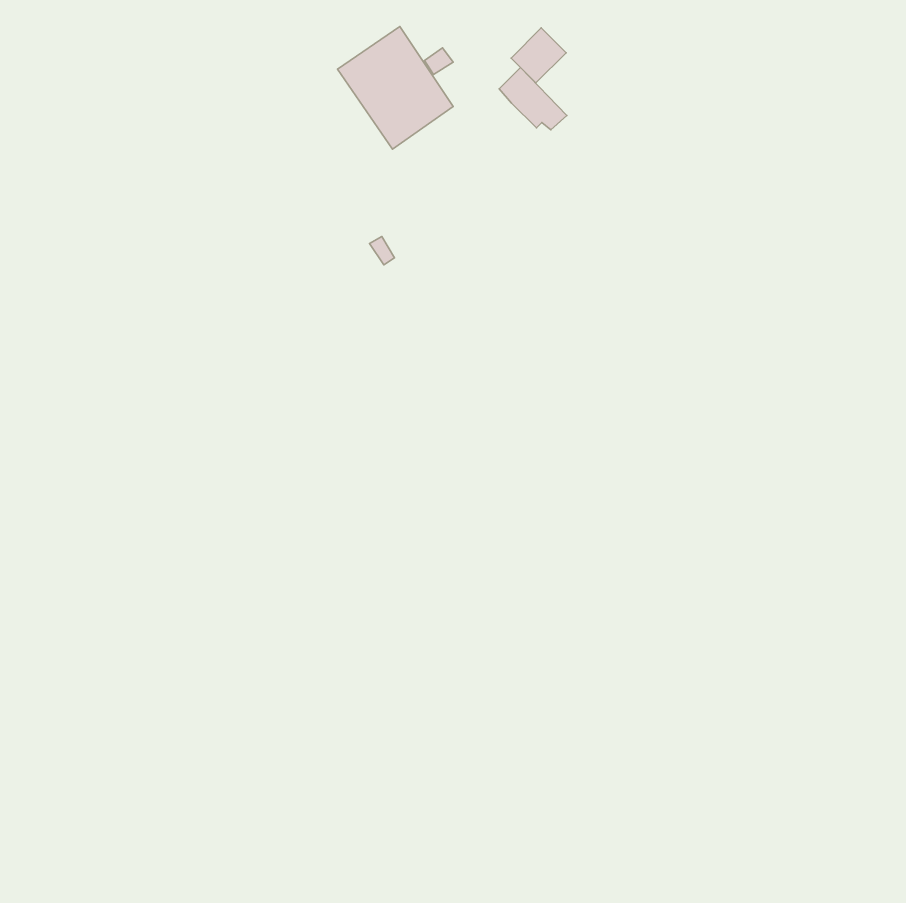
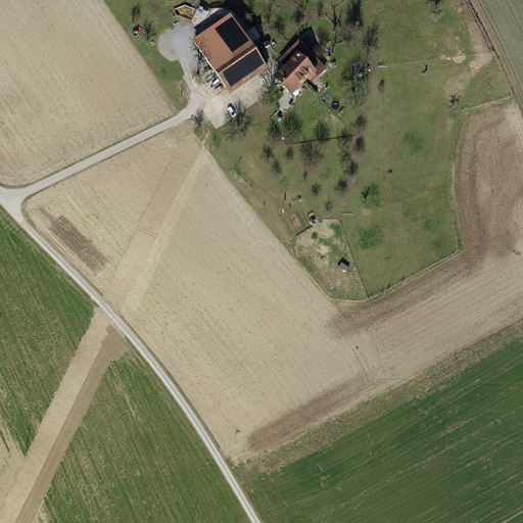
building: [511,28,566,83] -> [277,59,308,91]

